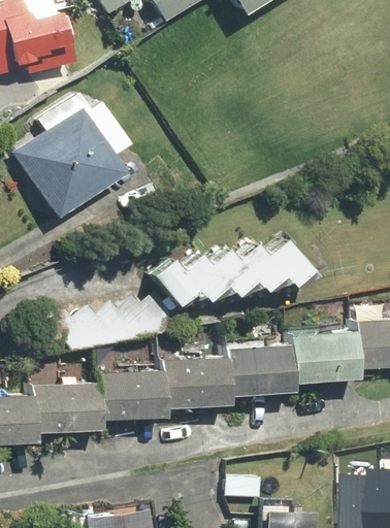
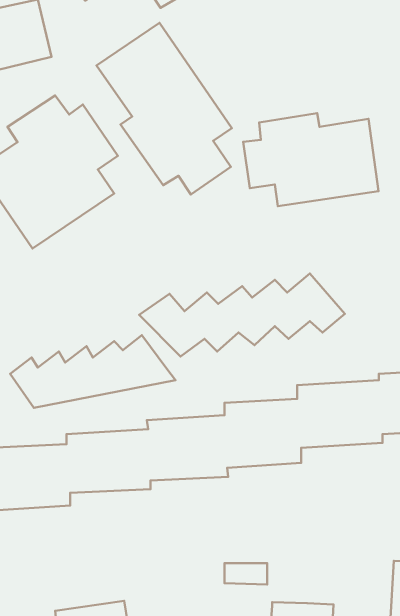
building: none -> [96,23,232,194]
building: none -> [243,113,378,206]

